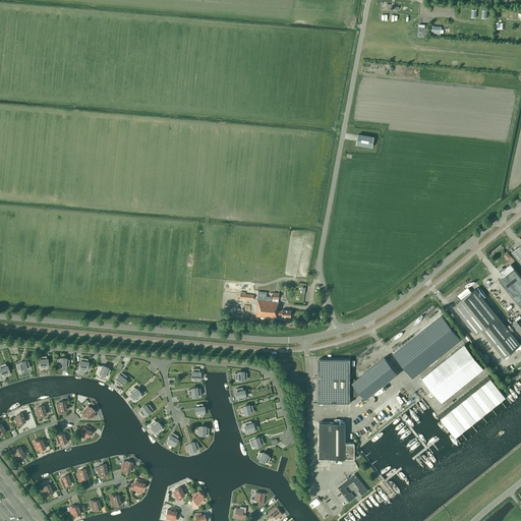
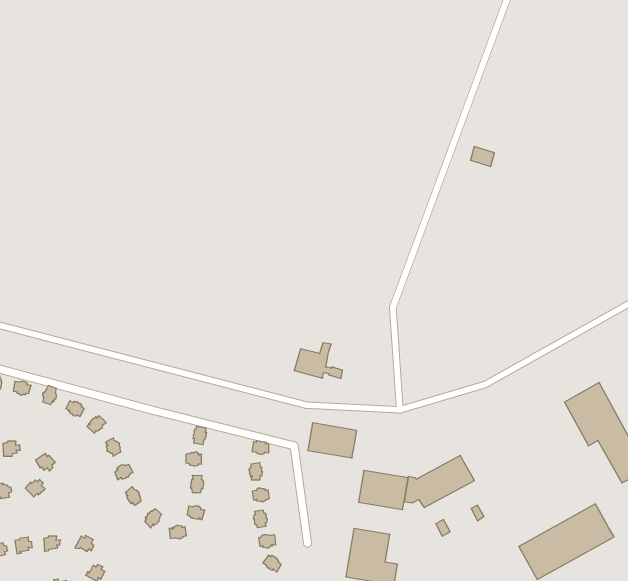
building: [393,316,461,379] -> none
building: [422,345,484,403] -> none
building: [317,360,350,381] -> [308,423,357,458]

